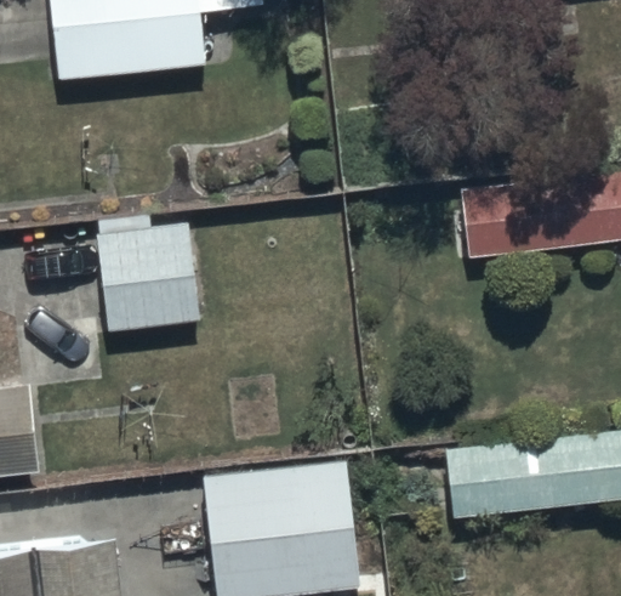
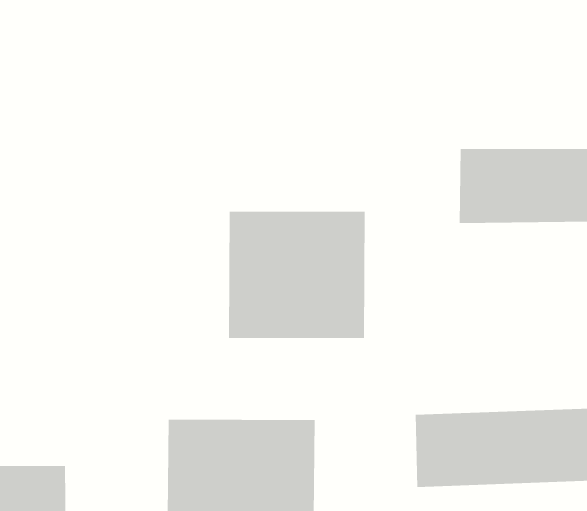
building: [95,218,199,331] -> none
building: none -> [229,211,365,339]

